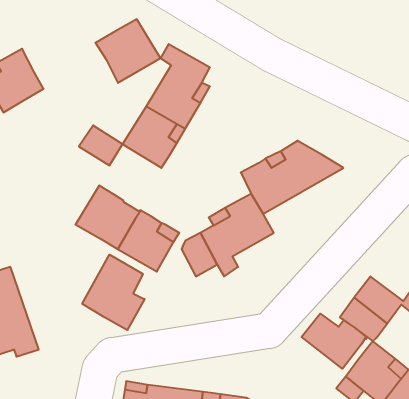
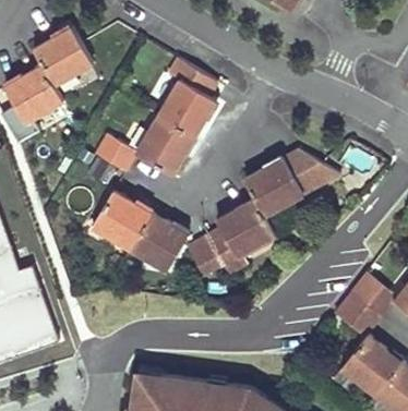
building: [95,19,160,83] -> [33,27,93,86]
building: [82,255,145,330] -> none
building: [302,314,367,369] -> none

